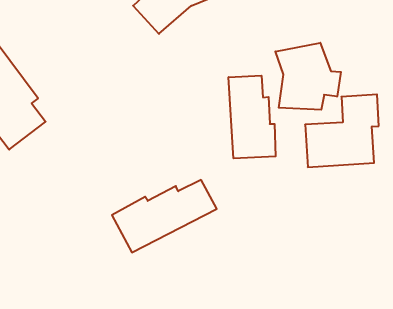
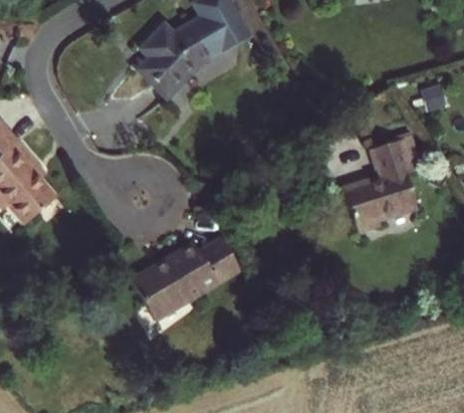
building: [275,43,341,110] -> none
building: [229,76,276,158] -> none

